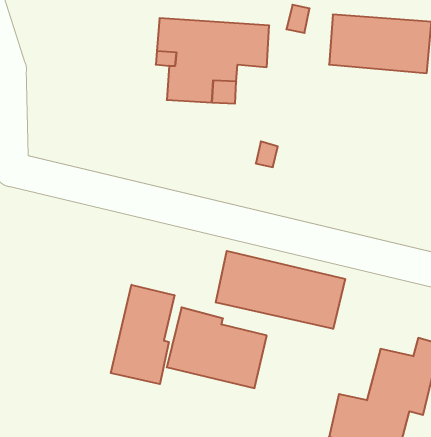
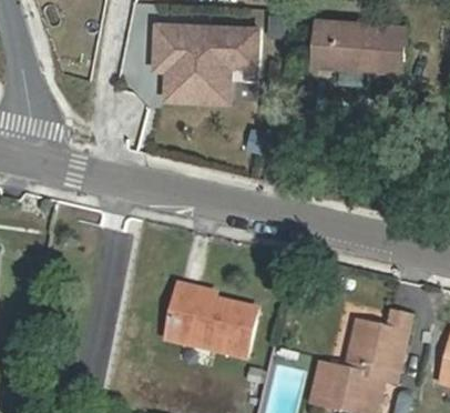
building: [216,251,345,329] -> none
building: [111,285,174,384] -> none

